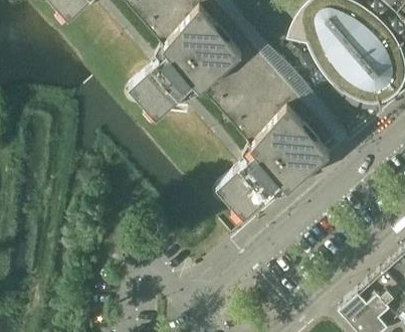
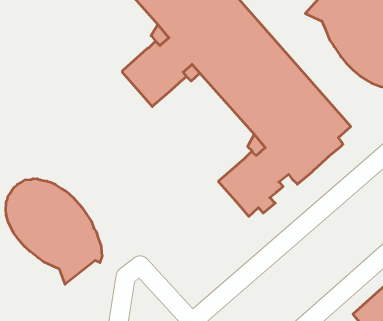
building: none -> [6,179,102,284]

